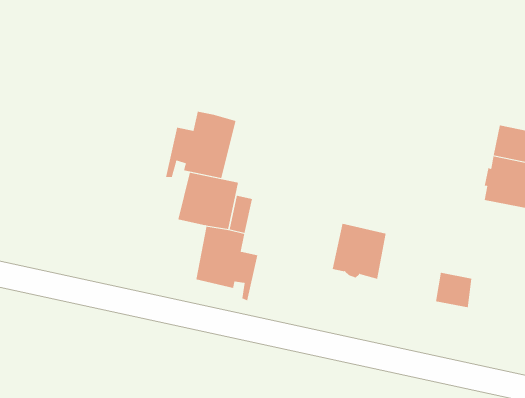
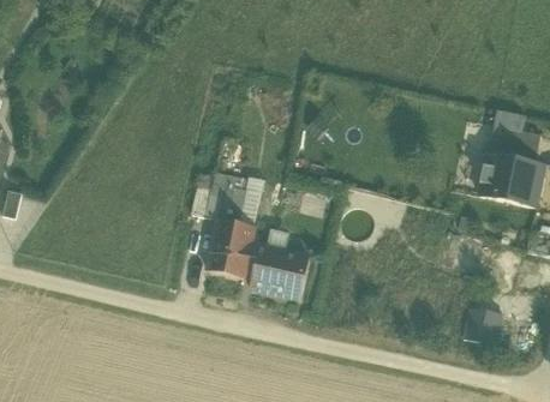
building: [165,111,236,179] -> none
building: [332,223,387,279] -> [258,246,310,299]
building: [435,272,472,308] -> [466,307,501,341]

